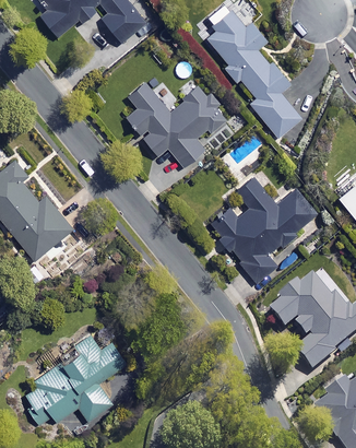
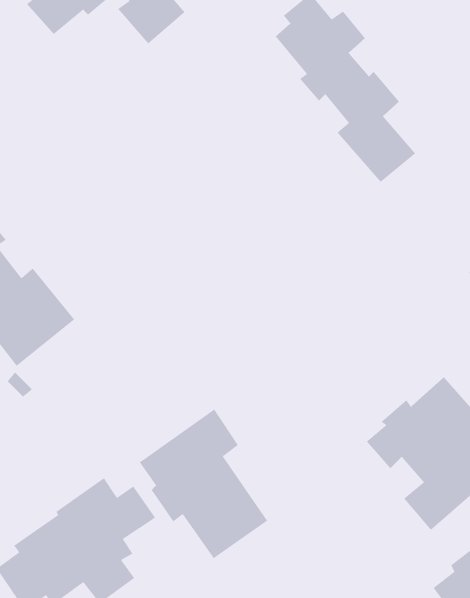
building: [123,81,225,166] -> none
building: [209,176,317,282] -> none
building: none -> [139,409,268,559]

